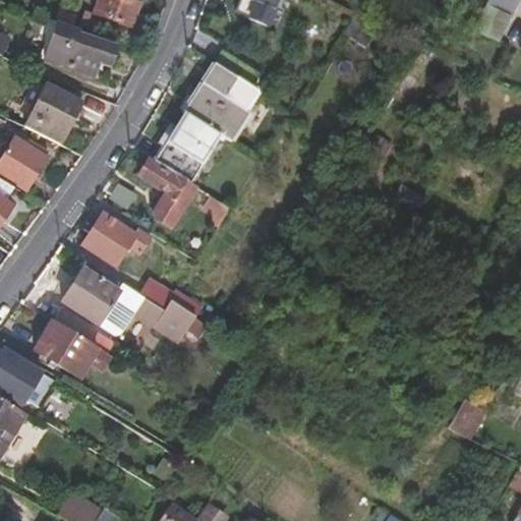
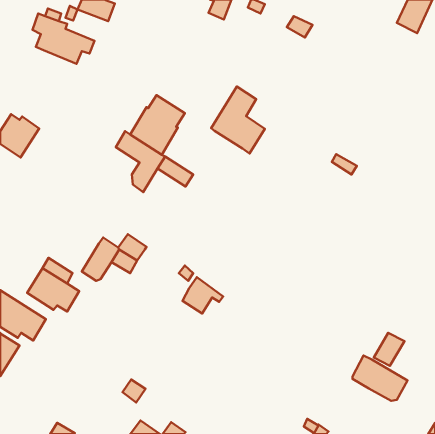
building: [183,61,247,141] -> [211,86,265,154]
building: [24,85,77,142] -> none
building: [83,214,150,264] -> none
building: [62,269,118,325] -> none
building: [156,298,205,342] -> [182,277,223,314]
building: none -> [353,356,408,401]

